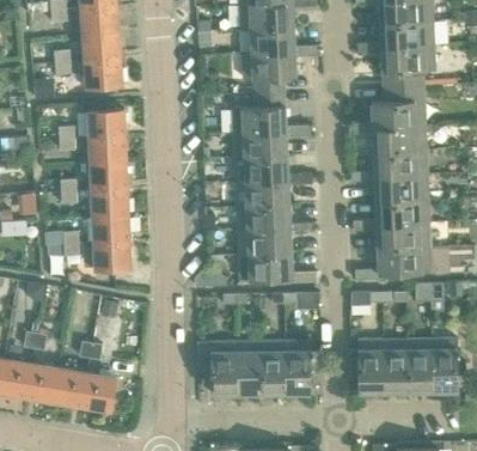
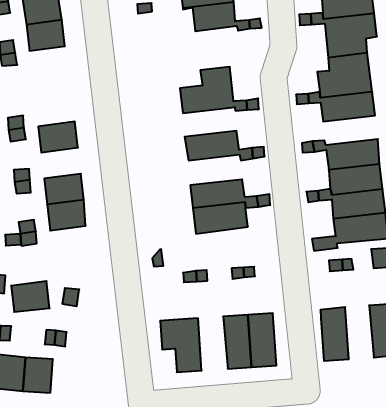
building: [243,51,295,93] -> none
building: [85,60,123,89] -> none
building: [87,110,126,139] -> none
building: [234,133,287,159] -> none
building: [374,151,428,177] -> none
building: [90,163,128,191] -> none
building: [237,181,289,208] -> none
building: [93,242,130,270] -> [11,281,50,312]
building: [239,254,318,286] -> none
building: [384,341,409,394] -> none
building: [237,342,262,395] -> none
building: [82,373,116,412] -> none

